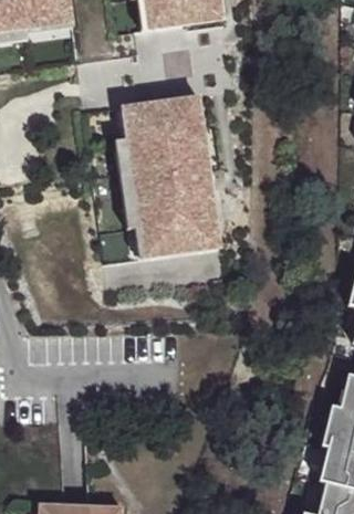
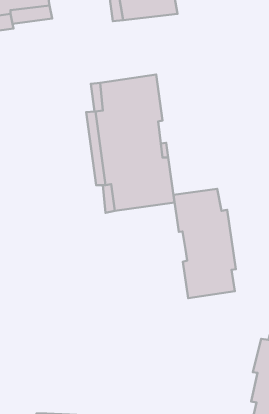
building: none -> [174,189,236,298]

